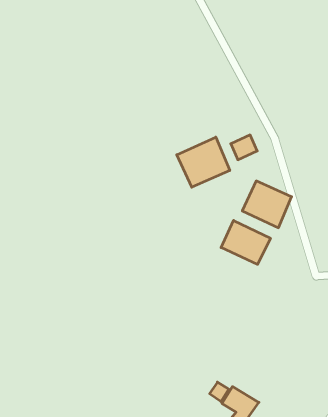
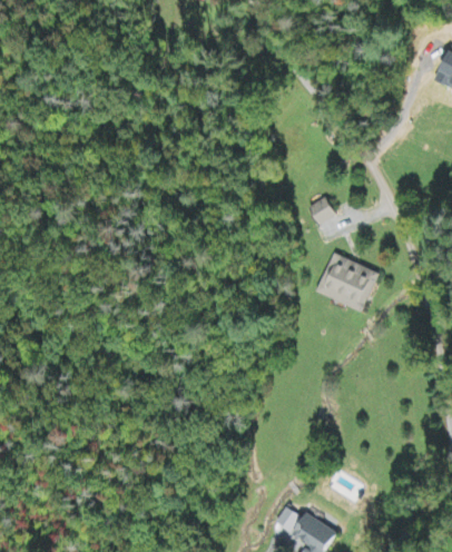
building: [177,137,230,187] -> none
building: [221,220,270,264] -> none

